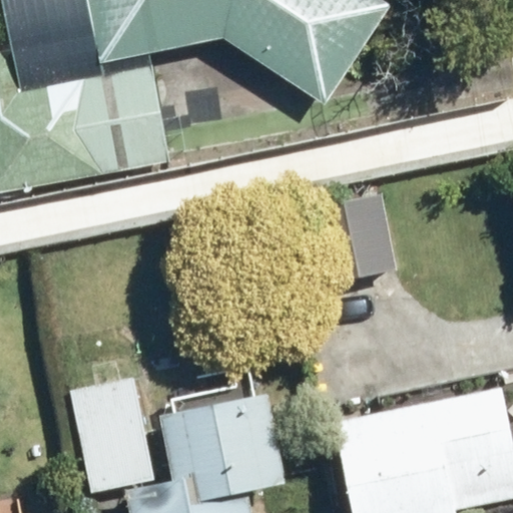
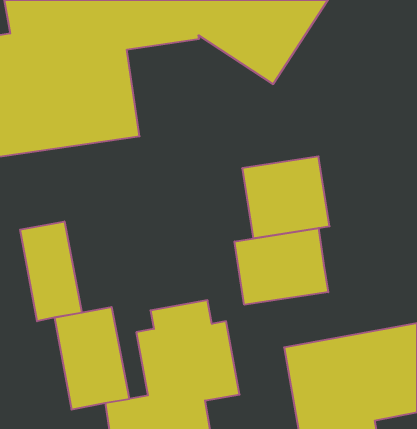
building: none -> [20,221,82,321]
building: none -> [235,228,328,305]

